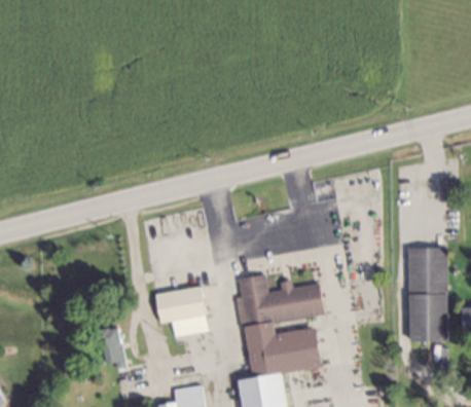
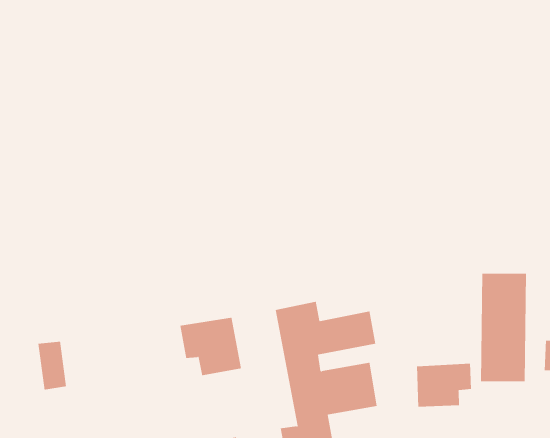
building: none -> [416,363,472,408]
building: [101,330,125,371] -> [38,341,67,390]

